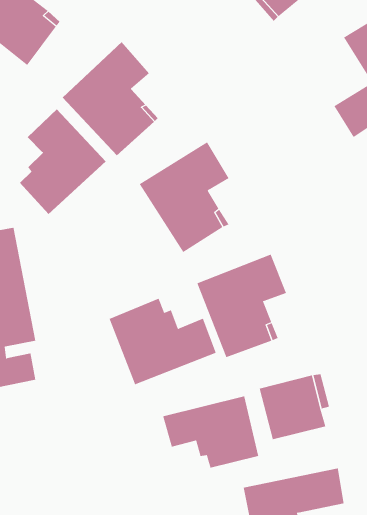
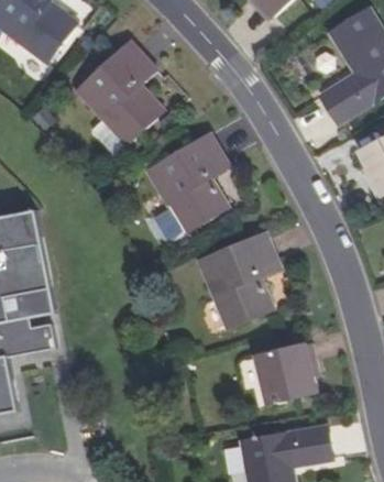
building: [19,108,107,215] -> none
building: [109,298,217,385] -> none
building: [163,395,259,468] -> none

